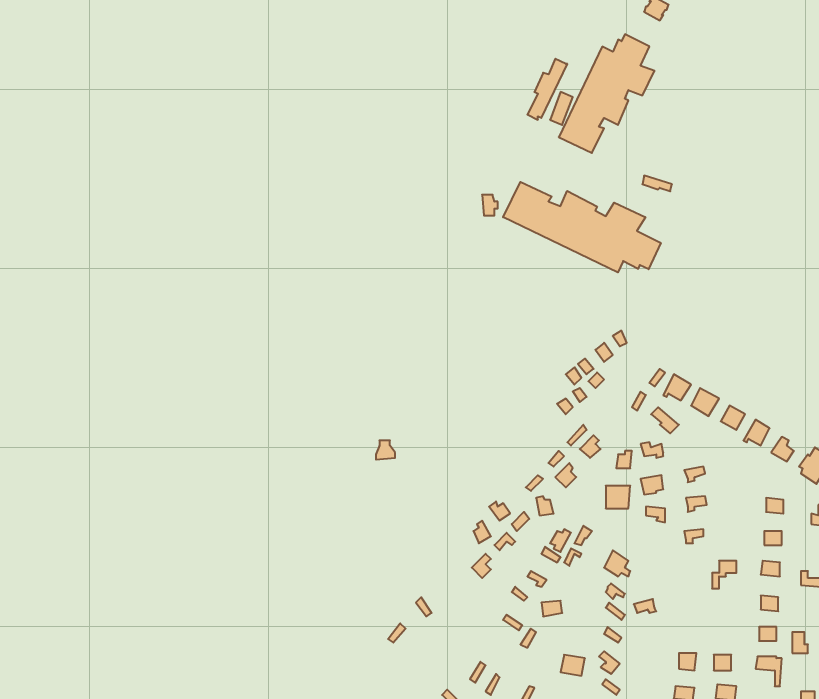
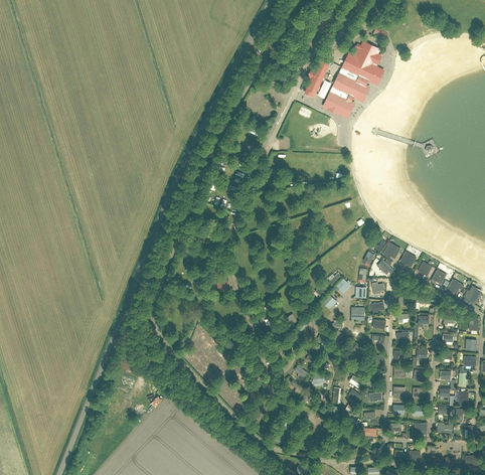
building: [503,182,661,272] -> none

